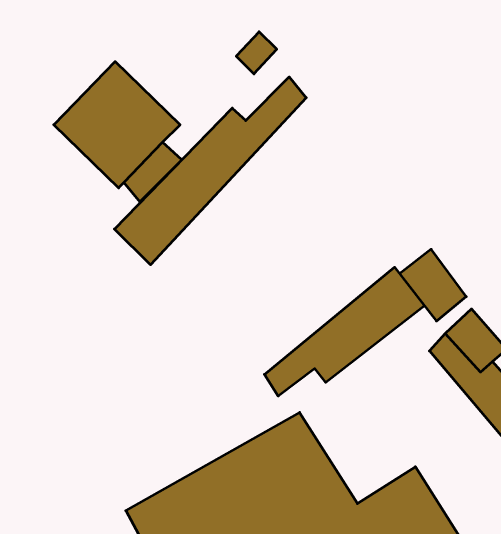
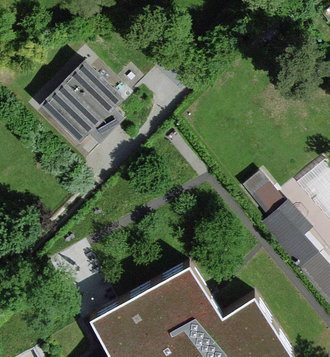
building: [114,77,306,265] -> none
building: [264,267,424,396] -> none

